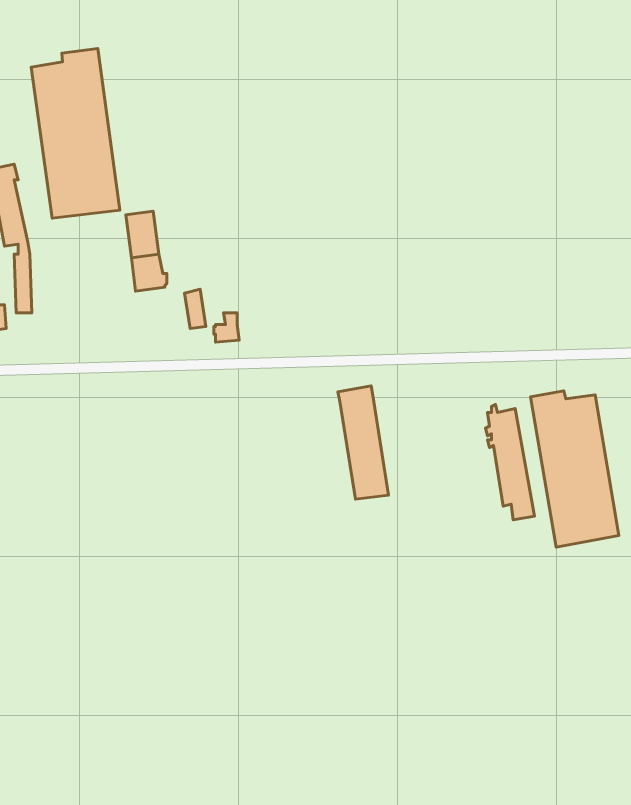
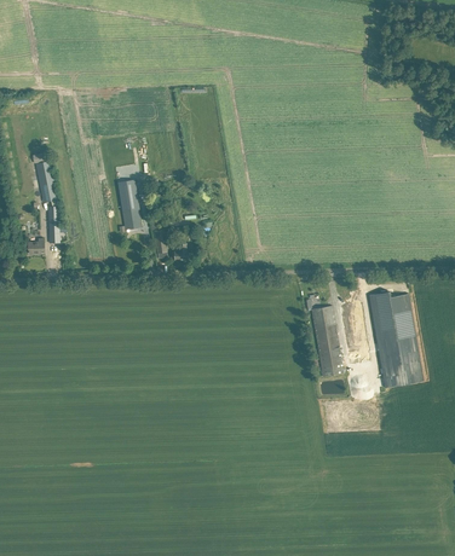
building: [31,49,120,218] -> none
building: [338,386,389,499] -> [311,306,342,376]

